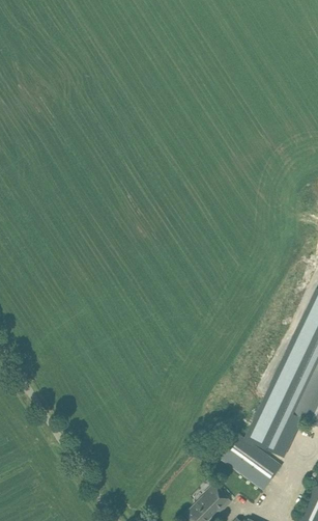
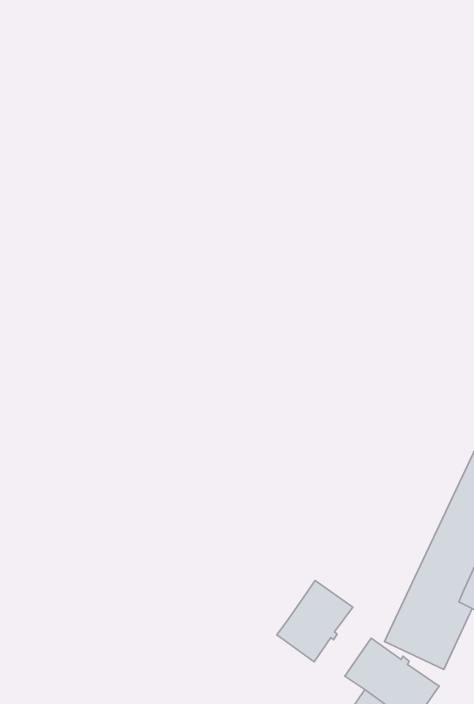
building: none -> [277,580,353,662]

